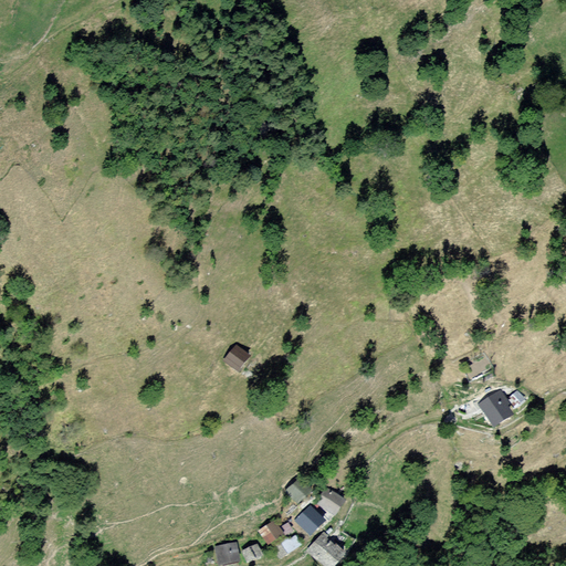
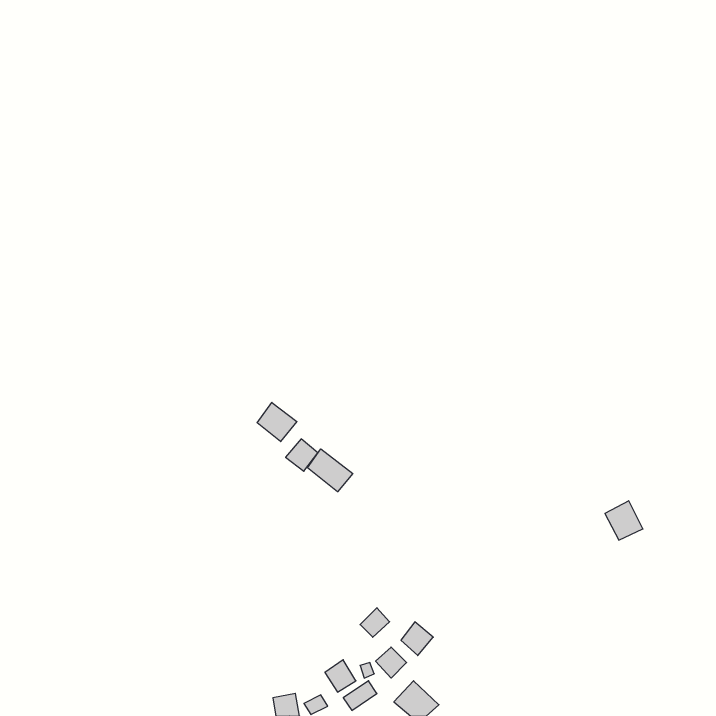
building: none -> [257,402,297,442]
building: none -> [307,449,353,492]

